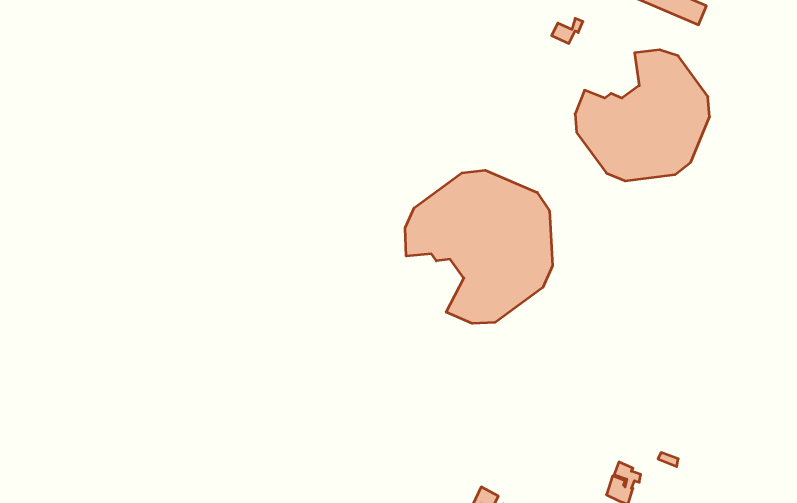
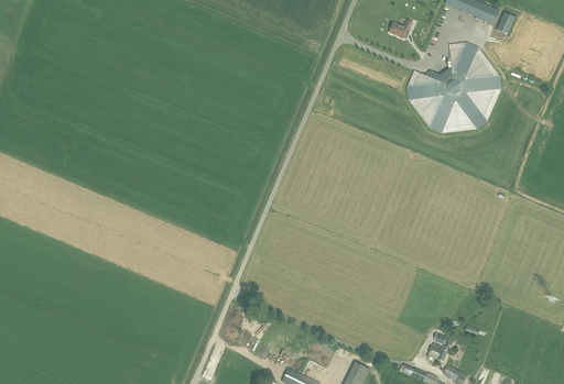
building: [405,170,552,323] -> none

